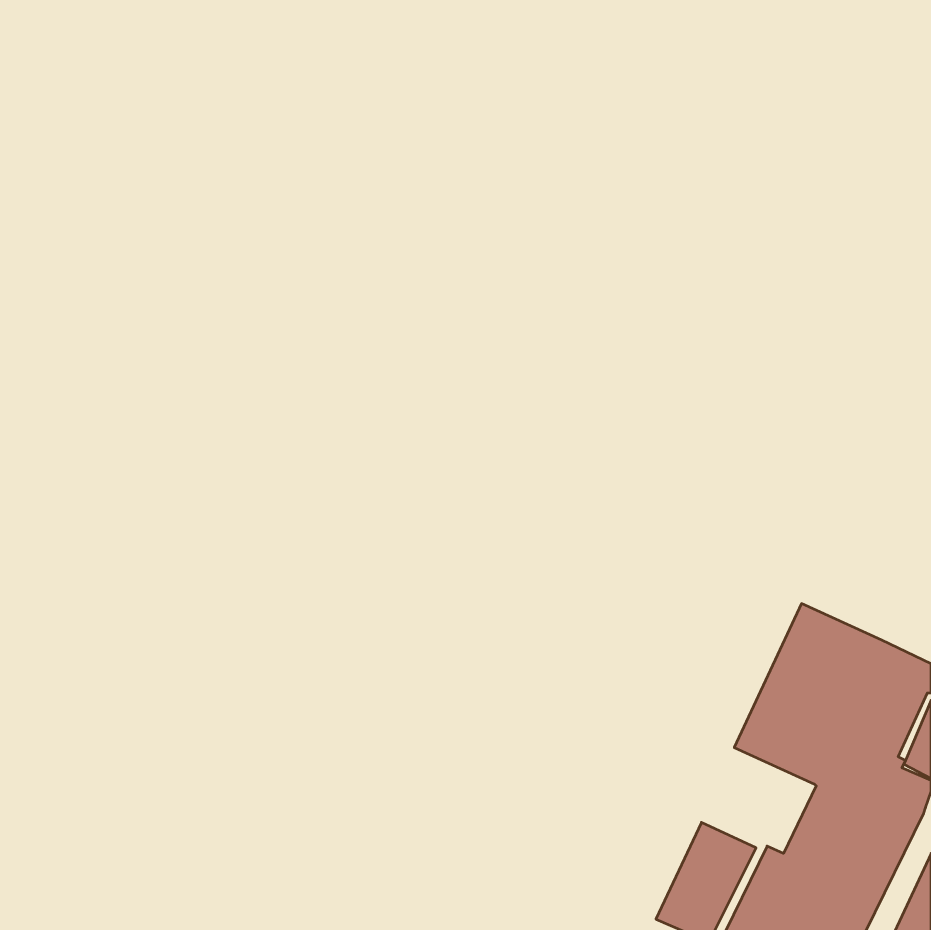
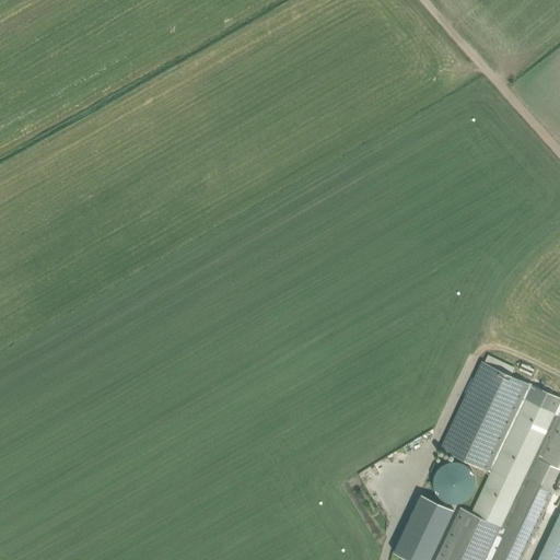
building: none -> [434,463,475,504]

